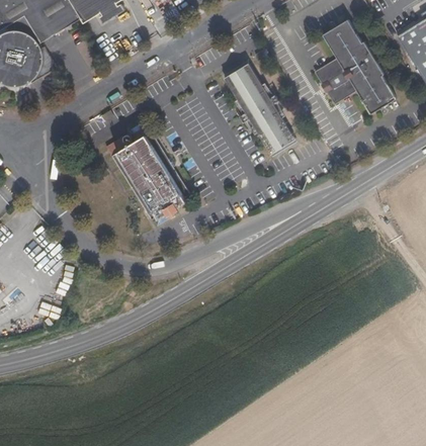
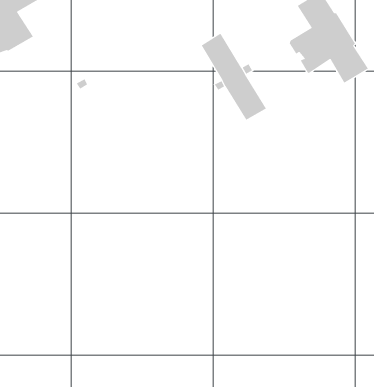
building: [105,119,188,227] -> none

